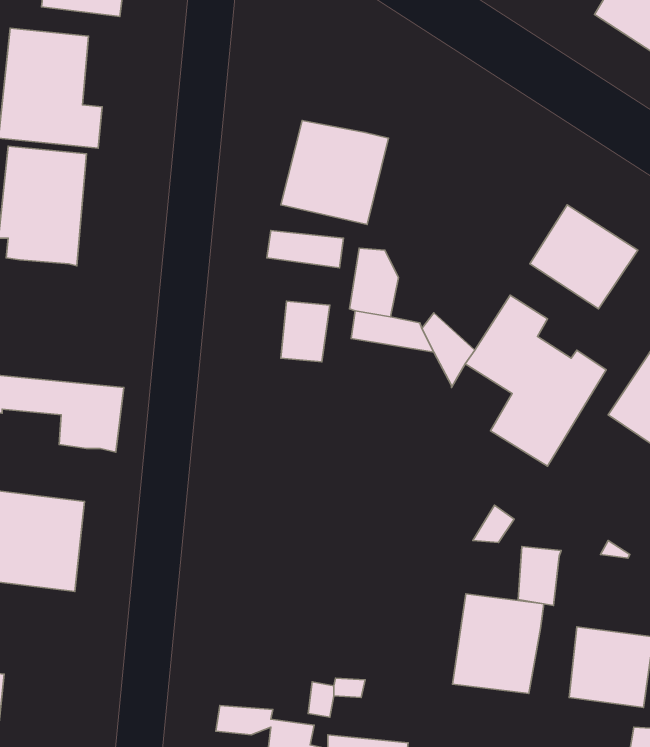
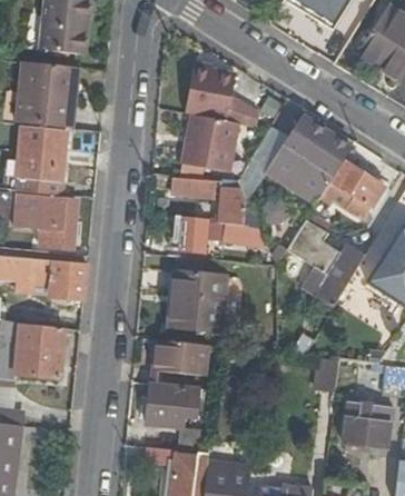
building: none -> [185,60,236,121]
building: none -> [267,118,349,201]
building: none -> [28,194,78,251]
building: none -> [164,275,221,331]
building: none -> [154,338,206,375]
building: none -> [145,383,196,427]
building: [452,594,544,694] -> none

